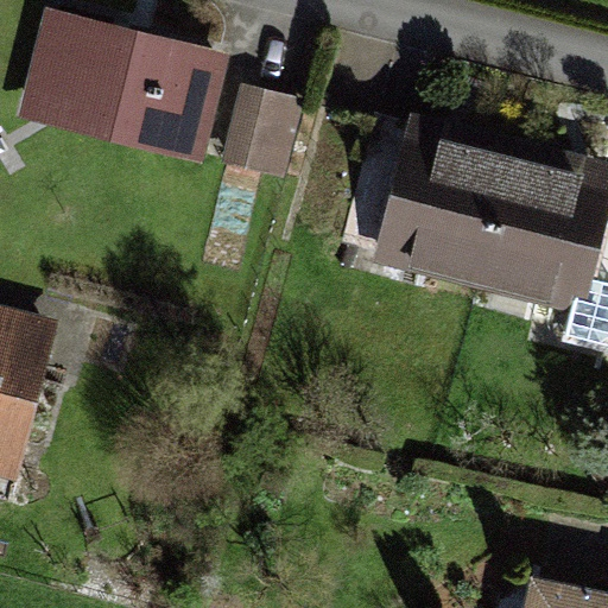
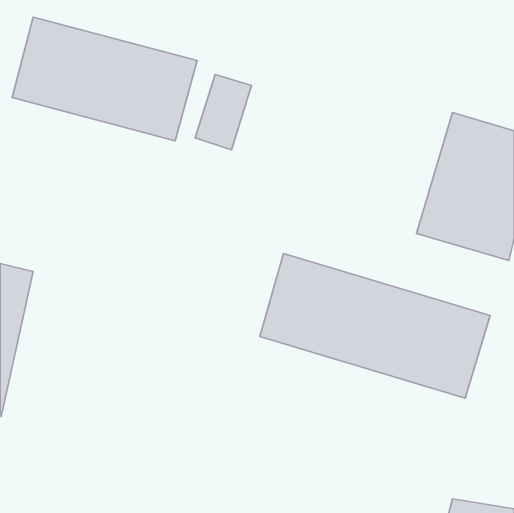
building: [384,102,534,277] -> none
building: none -> [260,253,490,398]

